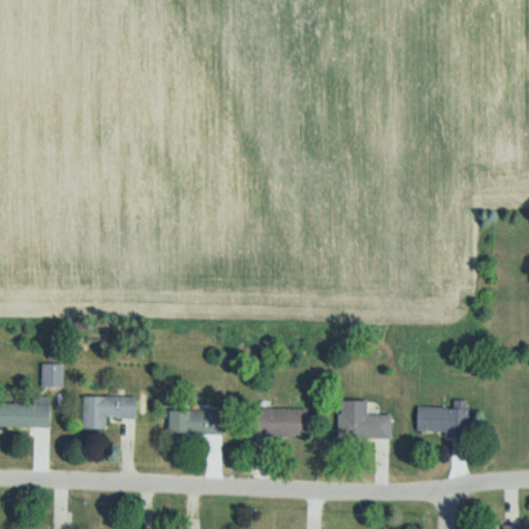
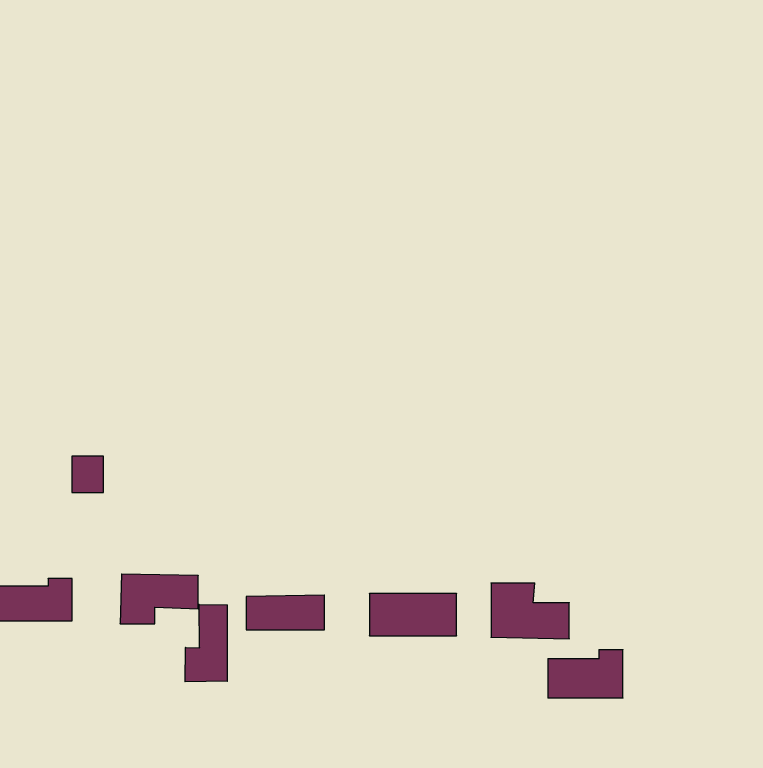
building: [40,363,62,387] -> [72,456,103,492]
building: [415,401,467,434] -> [548,650,623,698]
building: none -> [185,604,227,682]

